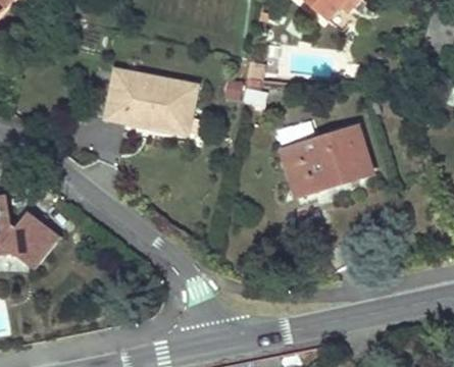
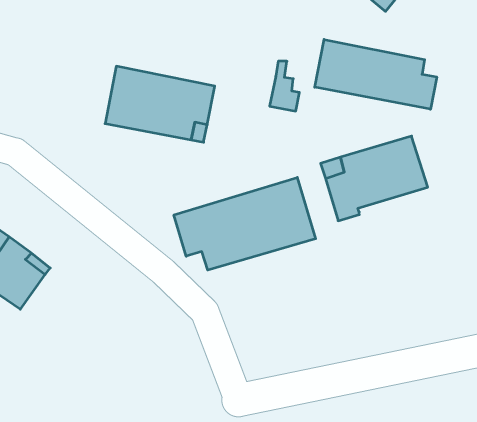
building: none -> [315,39,437,109]
building: none -> [174,177,316,270]

